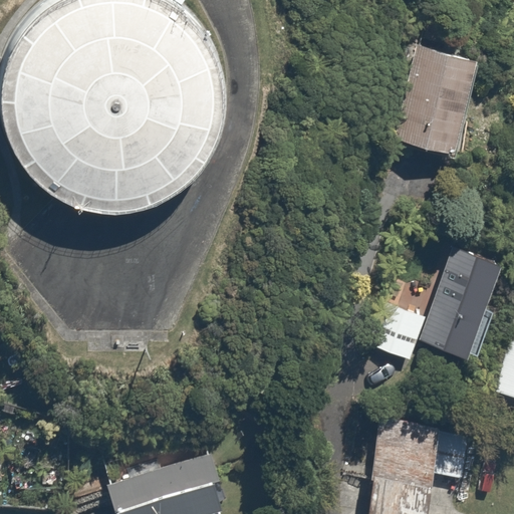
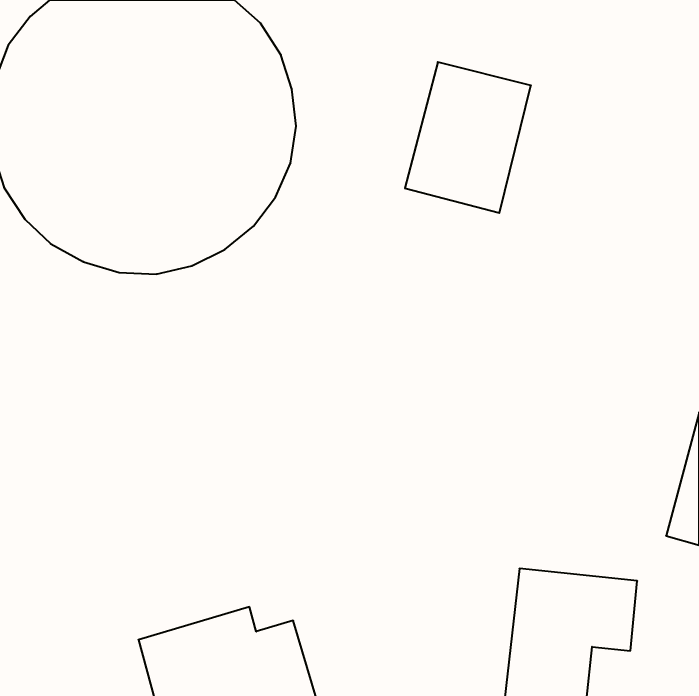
building: [386,48,478,159] -> [405,62,531,213]
building: [358,246,503,362] -> none

